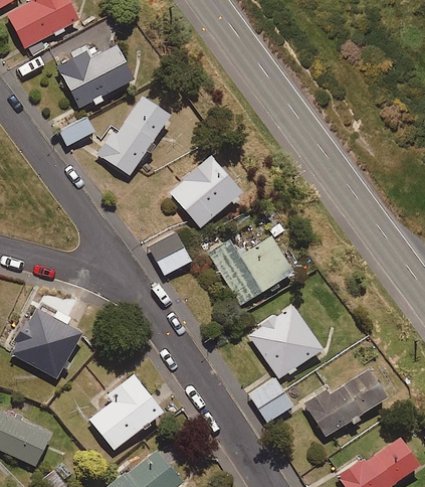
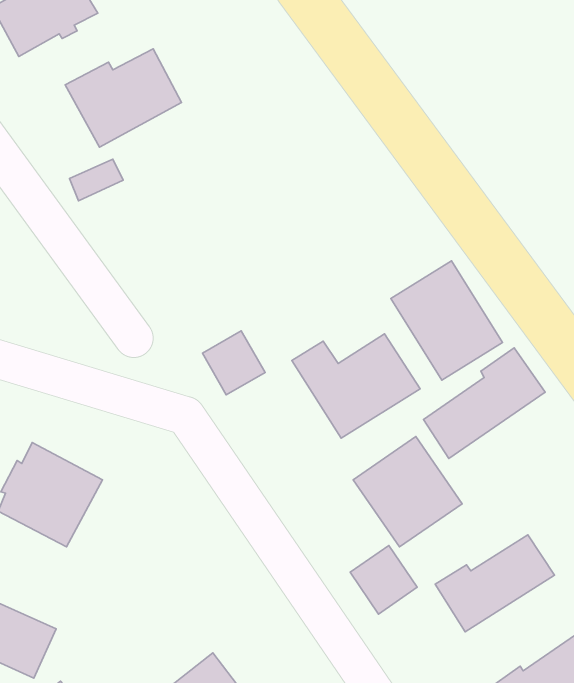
building: [95,96,170,176] -> none
building: [170,156,242,227] -> none
building: none -> [391,261,502,380]
building: none -> [423,348,545,459]
building: [89,375,162,450] -> none

